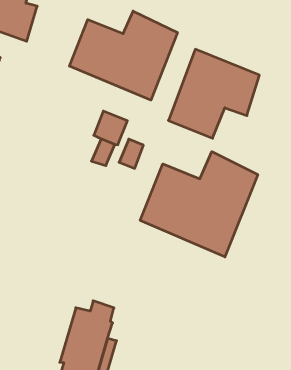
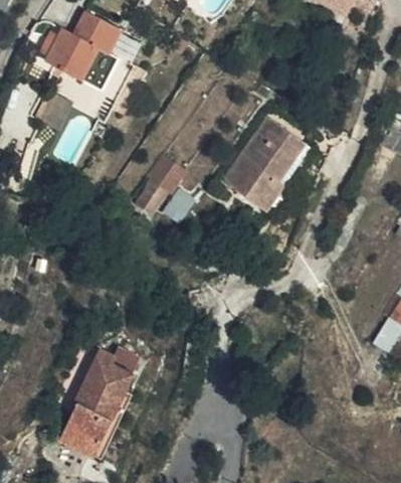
building: [69,11,177,100] -> none
building: [140,152,258,257] -> none

